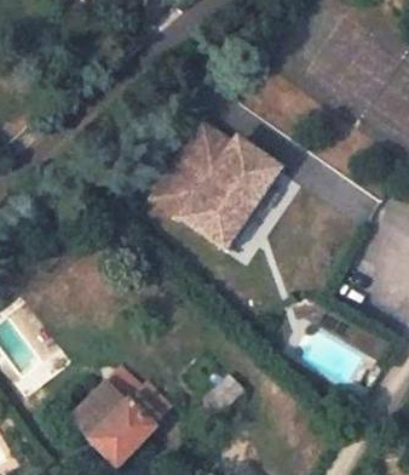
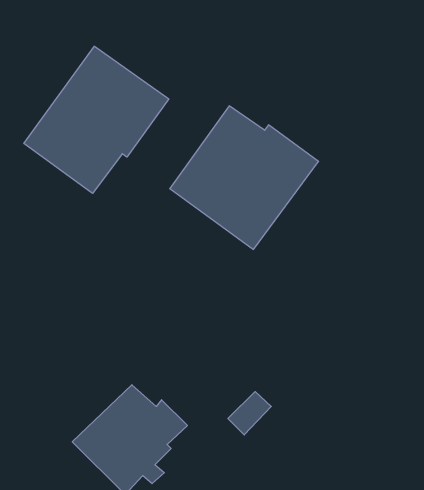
building: none -> [24,46,169,193]

